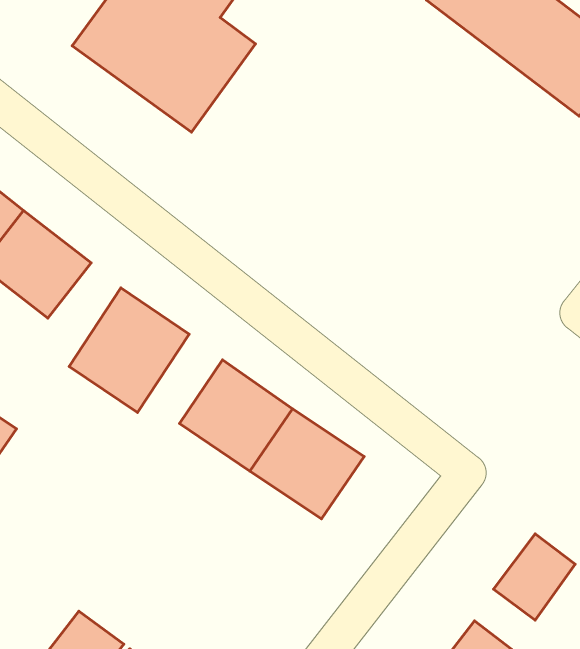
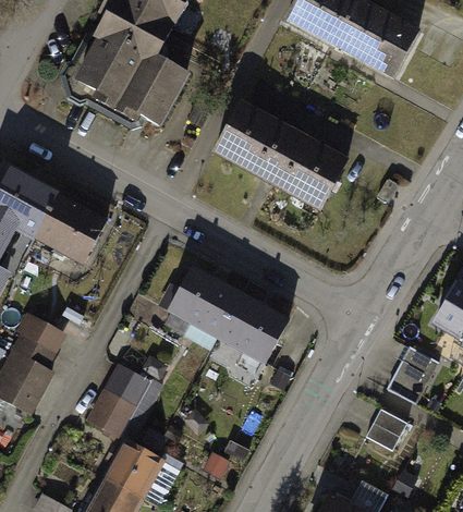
building: none -> [220,103,349,200]
building: [69,288,189,413] -> none
building: none -> [90,364,147,432]

